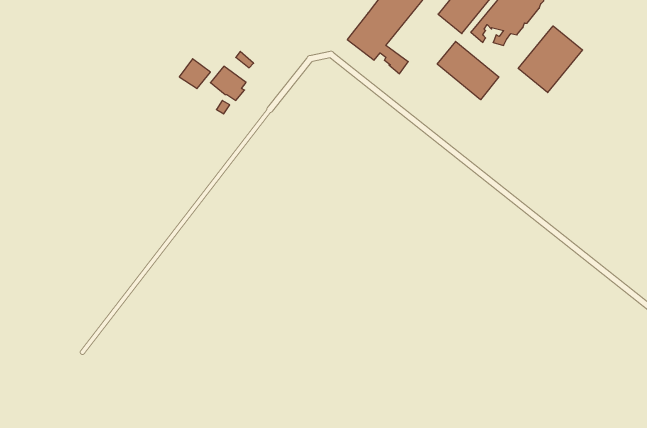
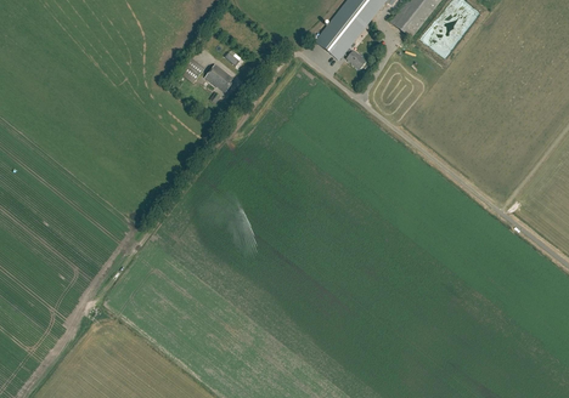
building: [518,26,583,93] -> none
building: [437,41,499,100] -> none

